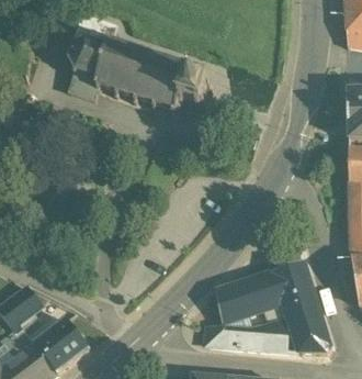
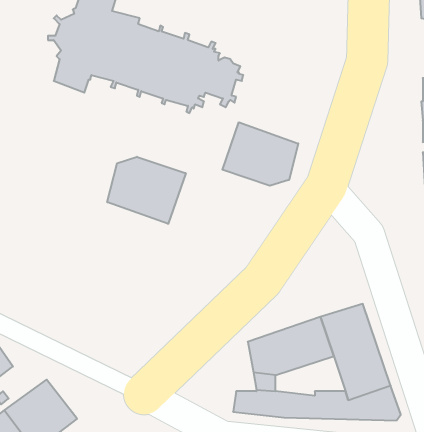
building: none -> [222,122,298,186]
building: none -> [107,157,186,224]

